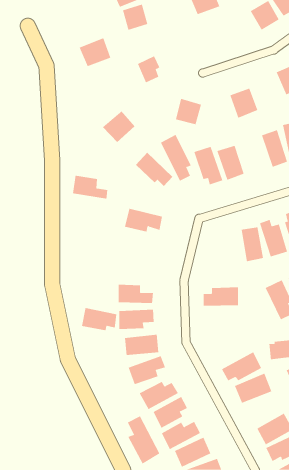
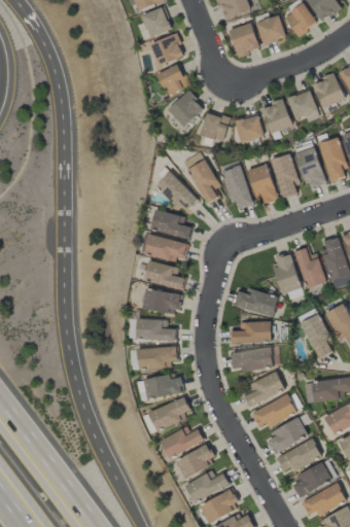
building: none -> [256,15,286,44]
building: none -> [229,24,260,57]
building: [79,37,111,67] -> [150,33,186,66]
building: none -> [287,89,319,120]
building: none -> [235,114,265,144]
building: [102,111,136,143] -> [168,92,205,128]
building: none -> [271,153,299,199]
building: [72,175,108,199] -> [151,211,191,238]
building: none -> [145,261,186,290]
building: none -> [234,288,279,318]
building: [81,308,117,331] -> [142,288,182,314]
building: none -> [231,349,273,372]
building: none -> [244,372,285,407]
building: none -> [277,440,322,471]
building: [127,416,160,464] -> none

